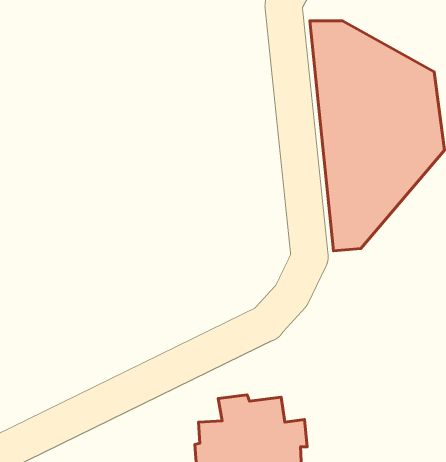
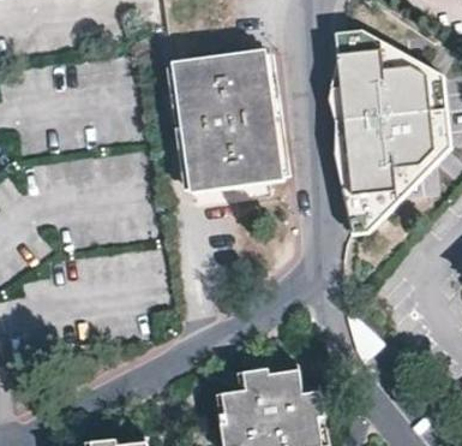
building: none -> [174,47,284,190]

